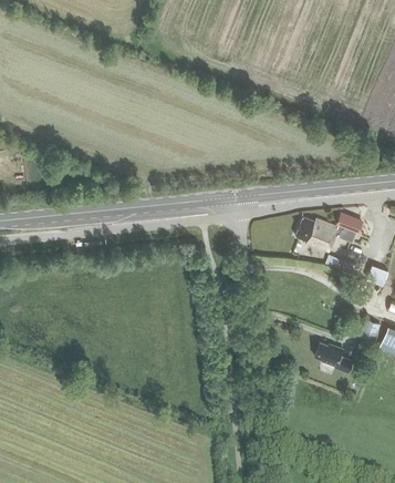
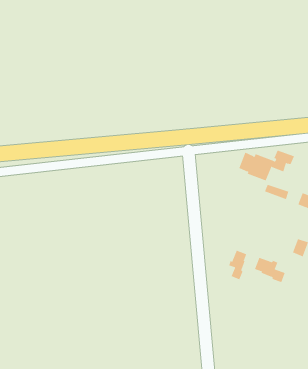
building: none -> [229,250,247,280]

